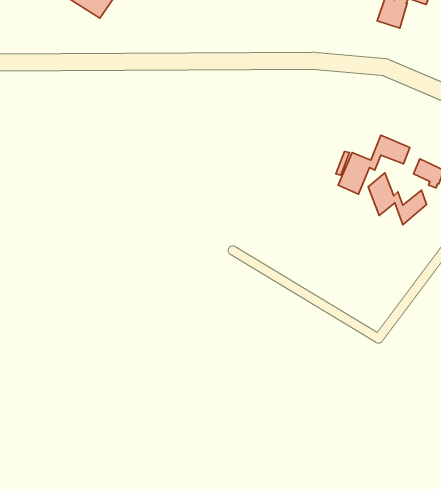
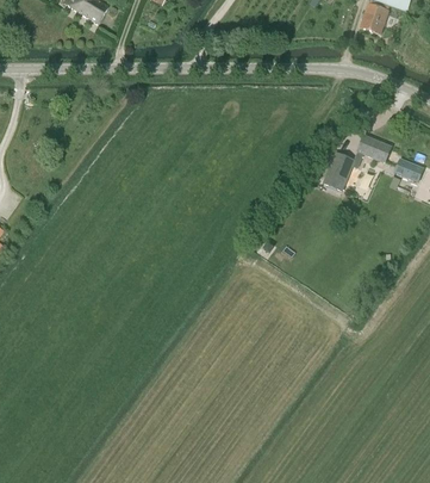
building: [368,173,427,225] -> none

